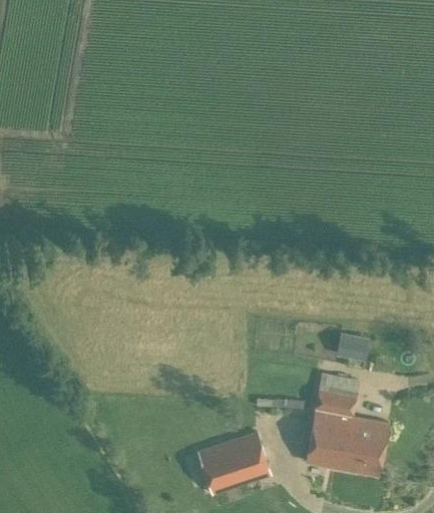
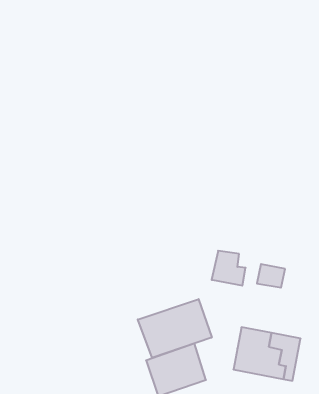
building: [314,374,356,417] -> [212,251,246,286]
building: none -> [138,299,212,358]

